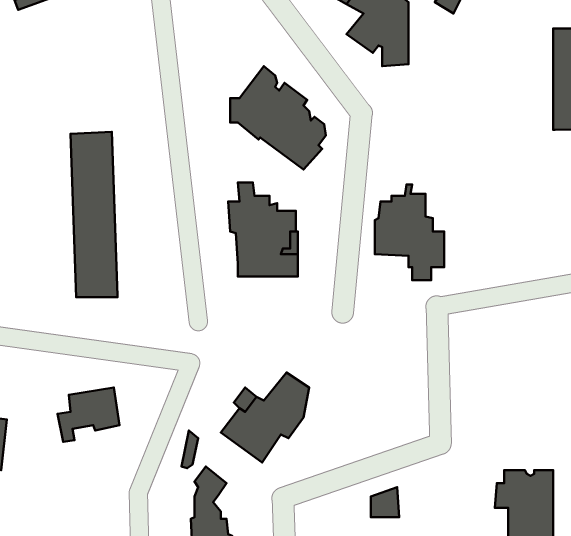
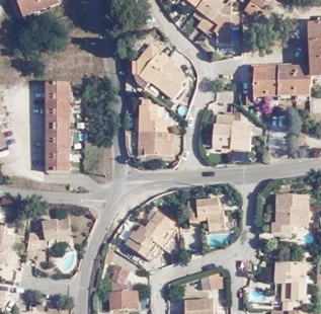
building: none -> [244,69,309,106]
building: none -> [273,194,309,233]
building: none -> [191,201,226,227]

